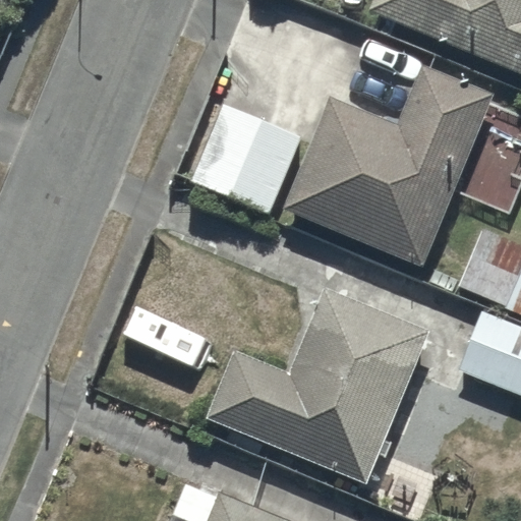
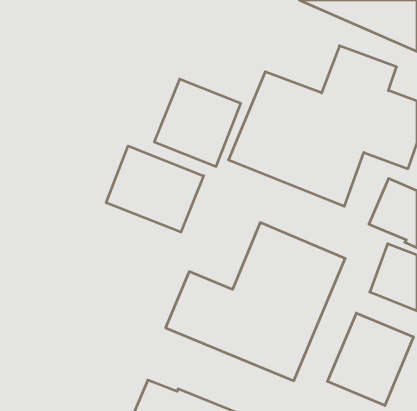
building: none -> [106,146,204,232]
building: none -> [327,313,413,406]

